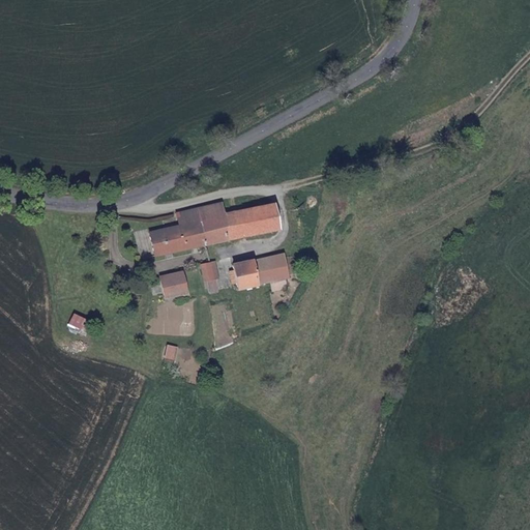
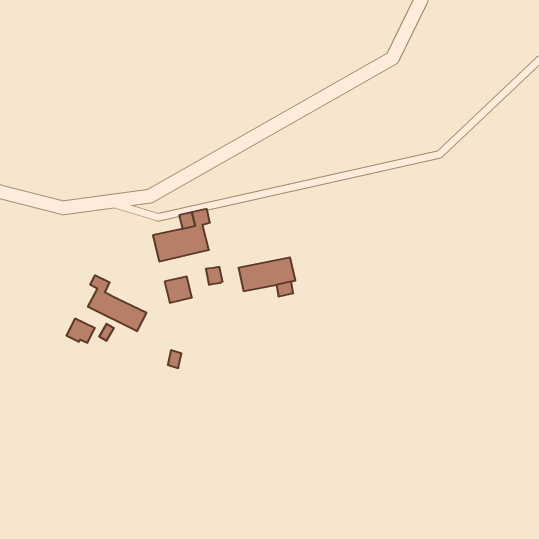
building: [199,201,279,245] -> none
building: none -> [88,275,146,331]

